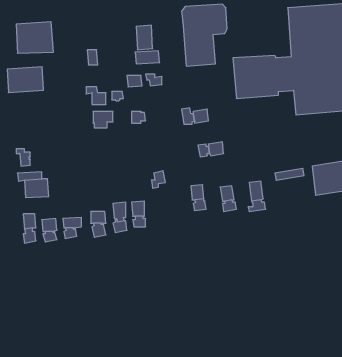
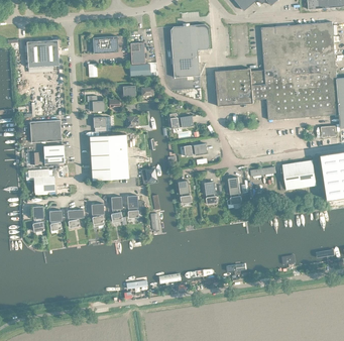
building: none -> [92,36,117,53]
building: [7,67,43,93] -> [29,120,61,142]
building: none -> [89,134,128,180]
building: none -> [42,145,65,163]

